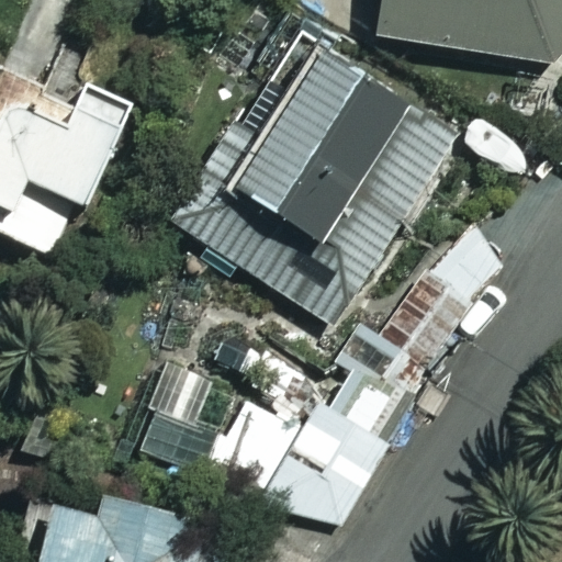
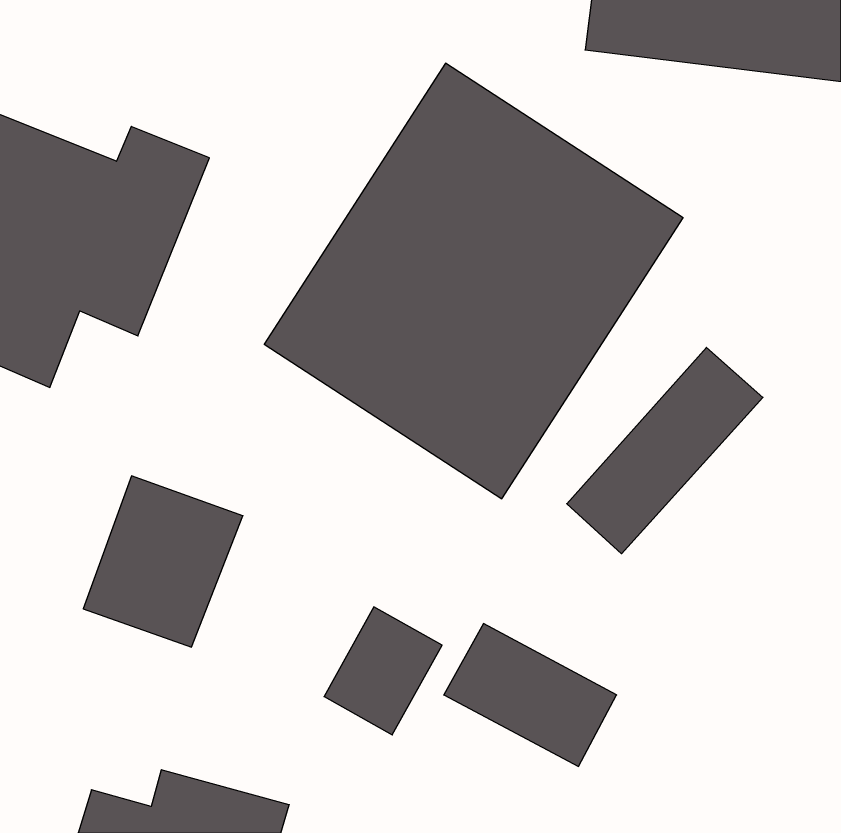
building: [130,359,235,472] -> [83,476,243,647]

